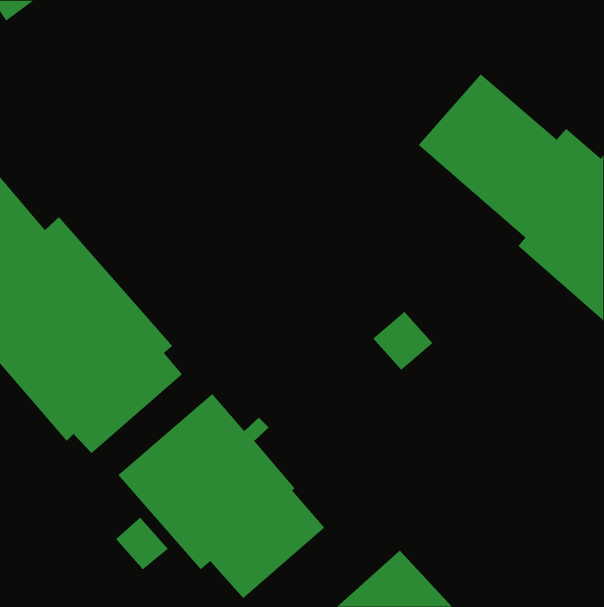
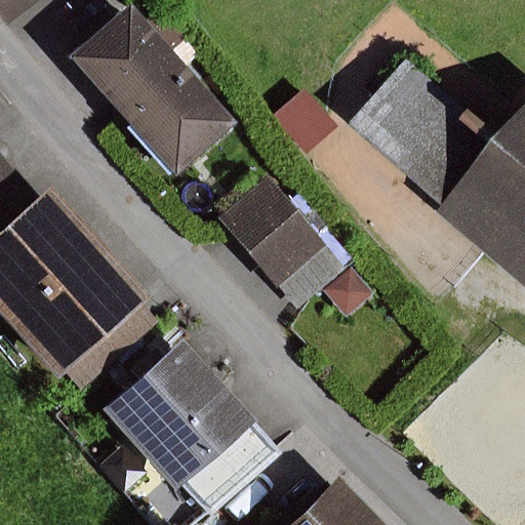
building: none -> [68,4,236,179]
building: none -> [218,177,345,310]

